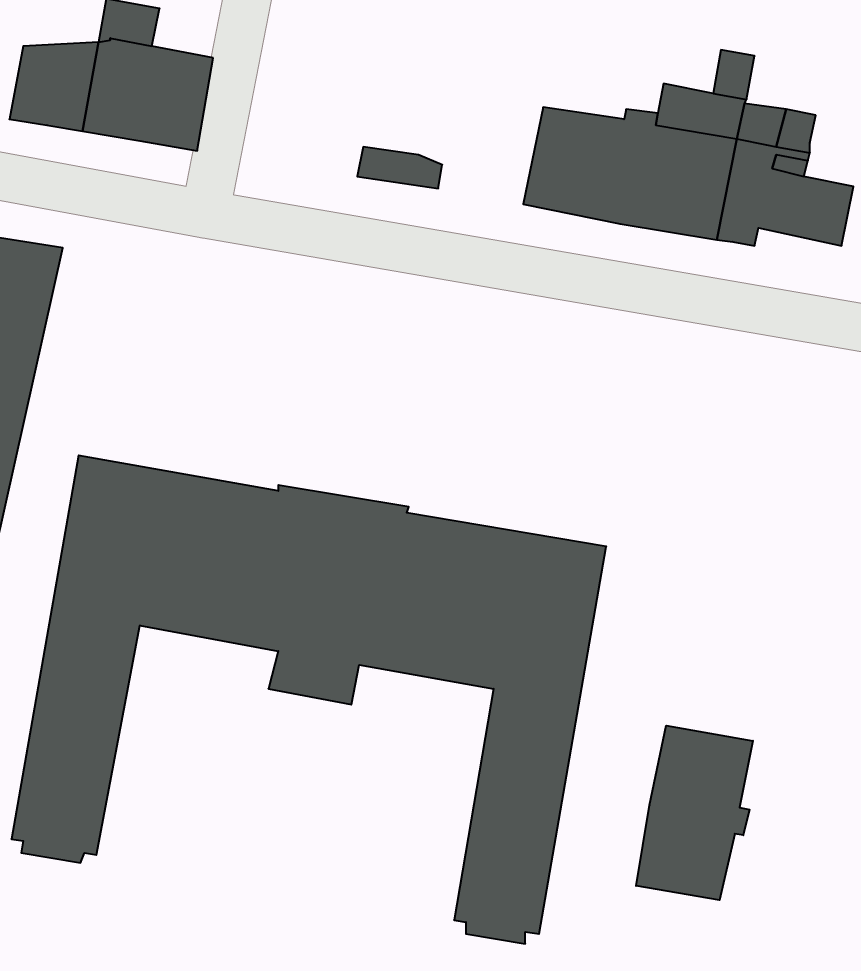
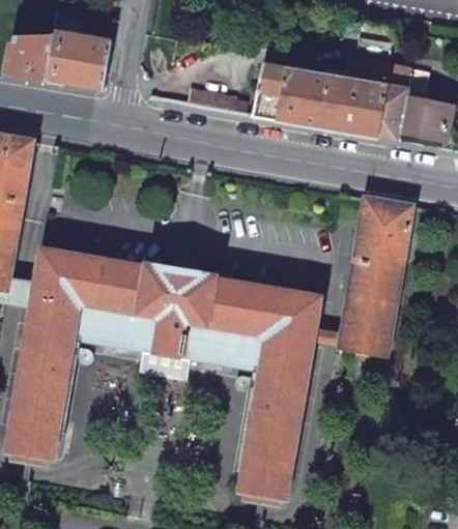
building: none -> [253,62,286,117]
building: none -> [342,197,413,355]
building: [636,726,753,900] -> none

